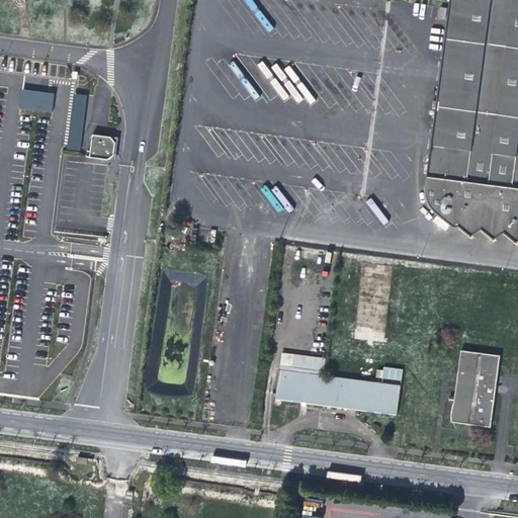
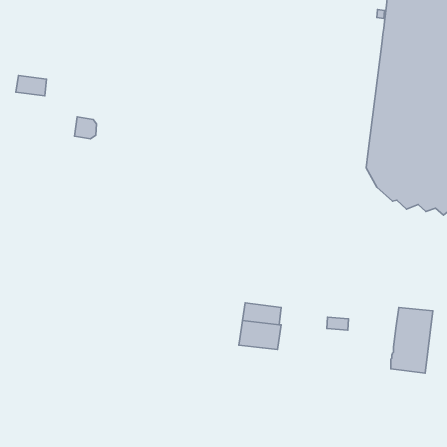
building: [68,91,89,149] -> none
building: [322,374,412,414] -> none

